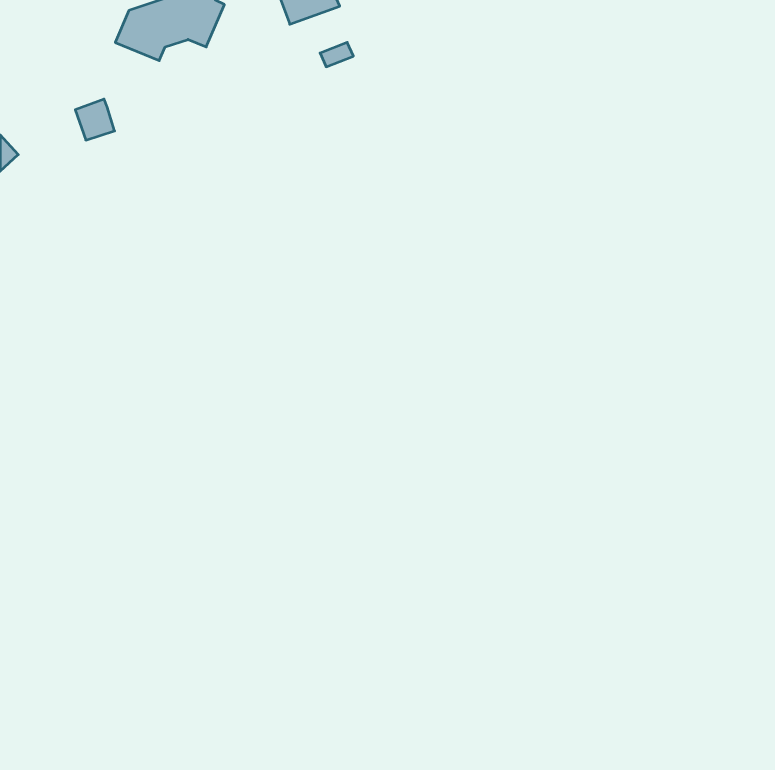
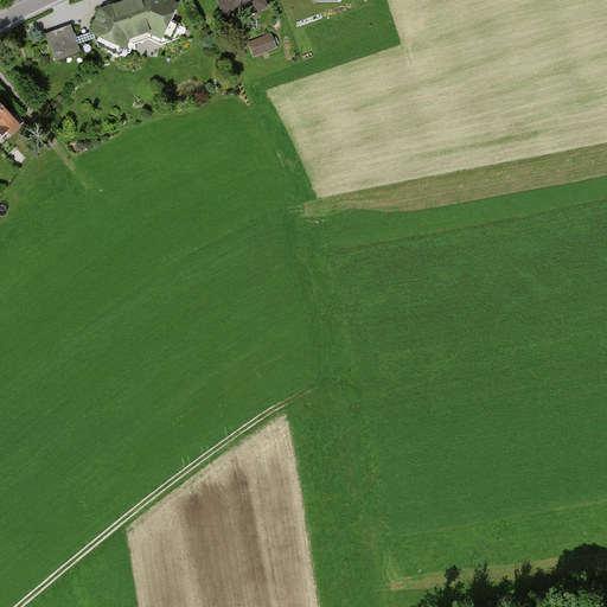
building: [75,99,115,140] -> [49,25,79,57]

